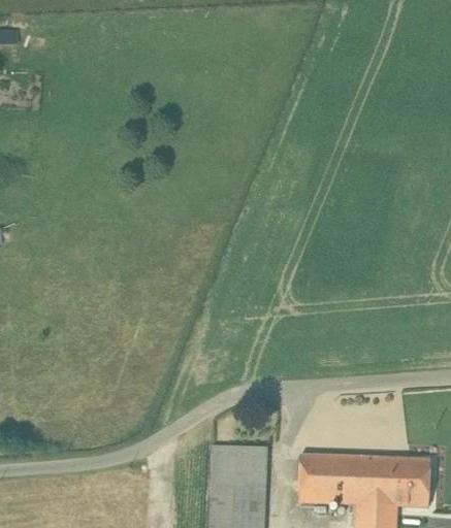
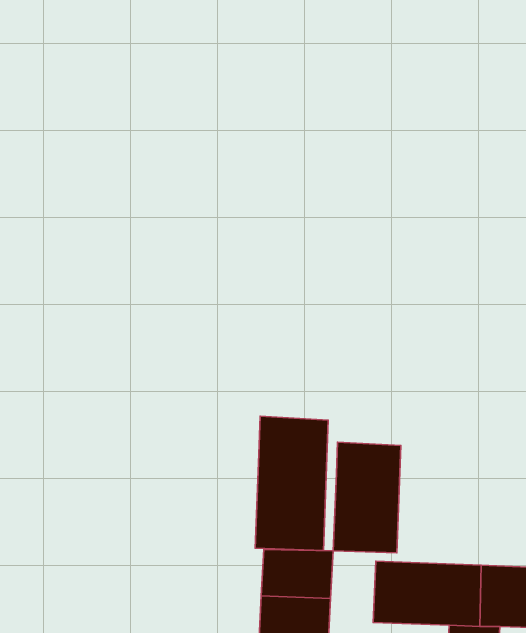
building: none -> [255,416,328,550]
building: none -> [333,442,401,553]

